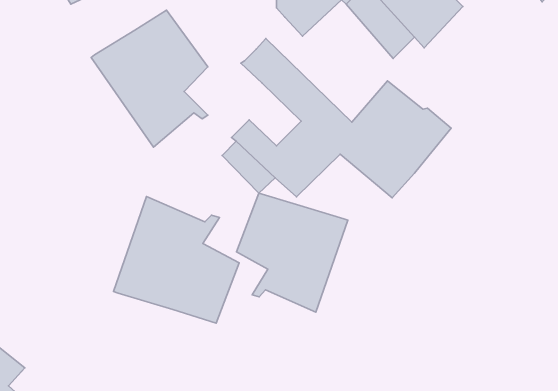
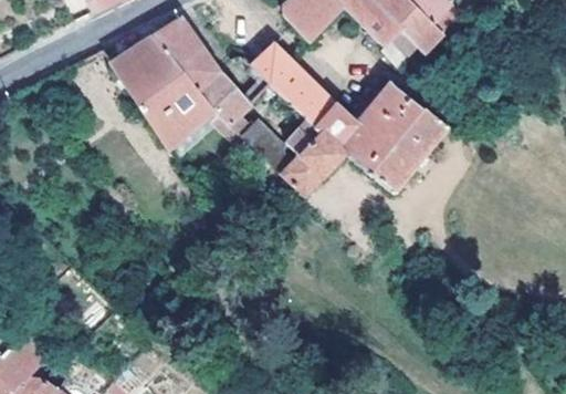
building: none -> [198,71,254,126]
building: [237,193,348,312] -> none
building: [113,197,239,323] -> none

